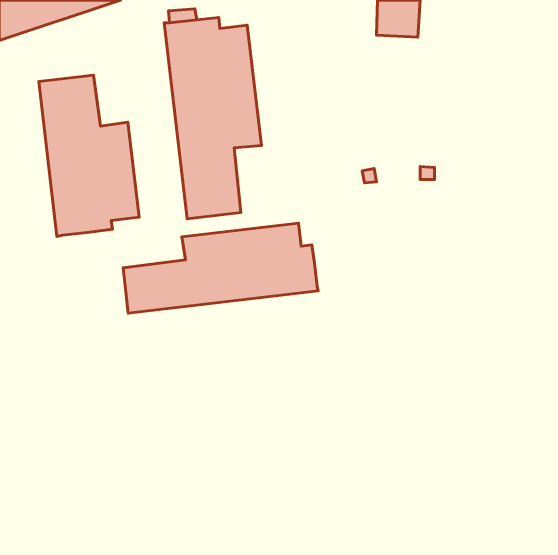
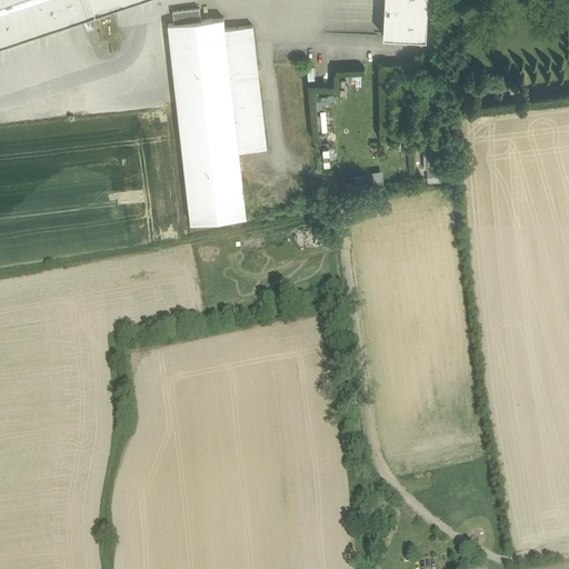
building: [39,75,139,236] -> none
building: [123,223,318,313] -> none

